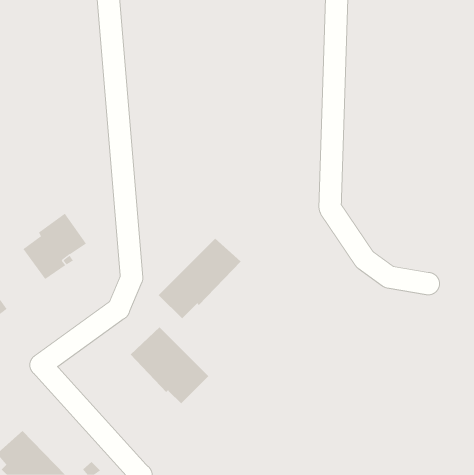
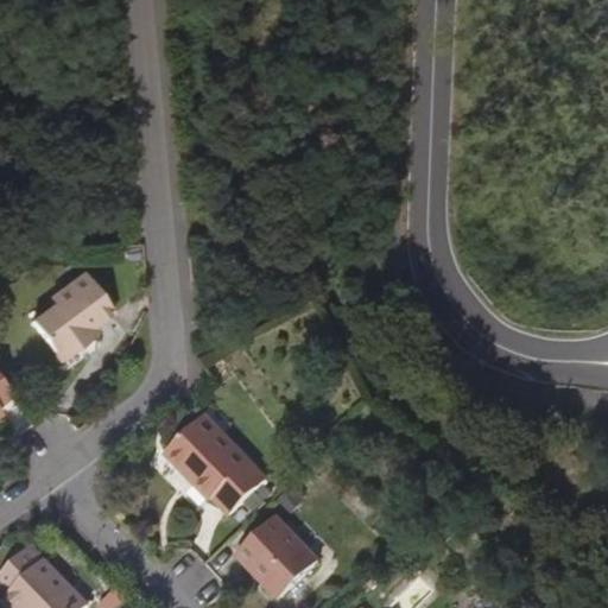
building: [158,238,241,319] -> none
building: none -> [236,514,318,596]

